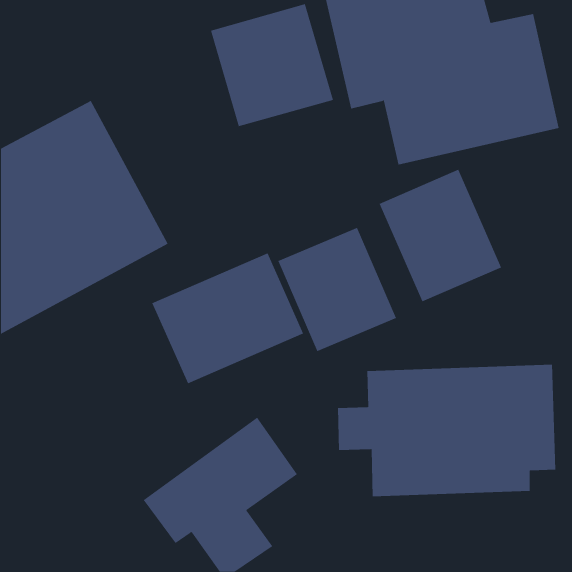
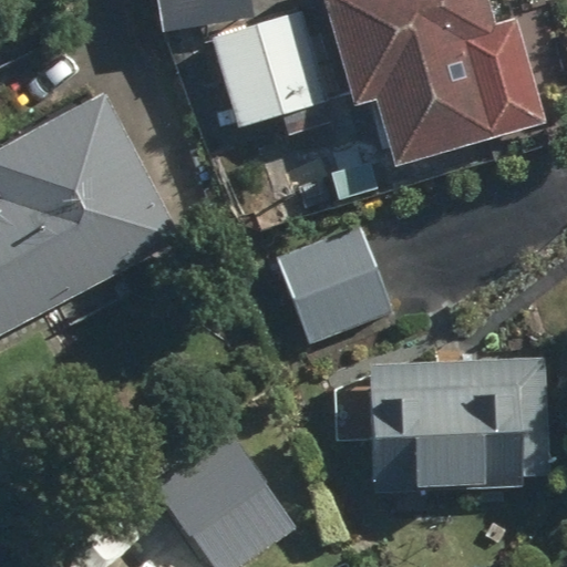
building: [379,169,502,302] -> none
building: [152,253,304,384] -> none

